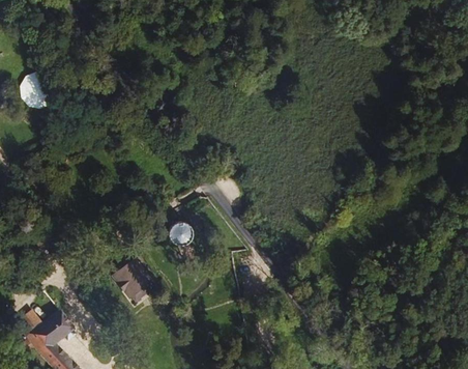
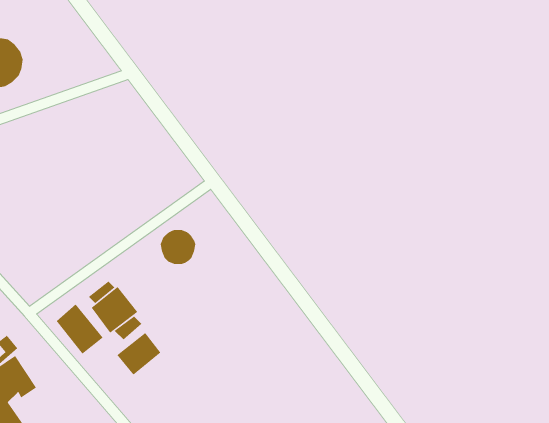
building: none -> [56,304,103,355]
building: none -> [116,332,161,376]

